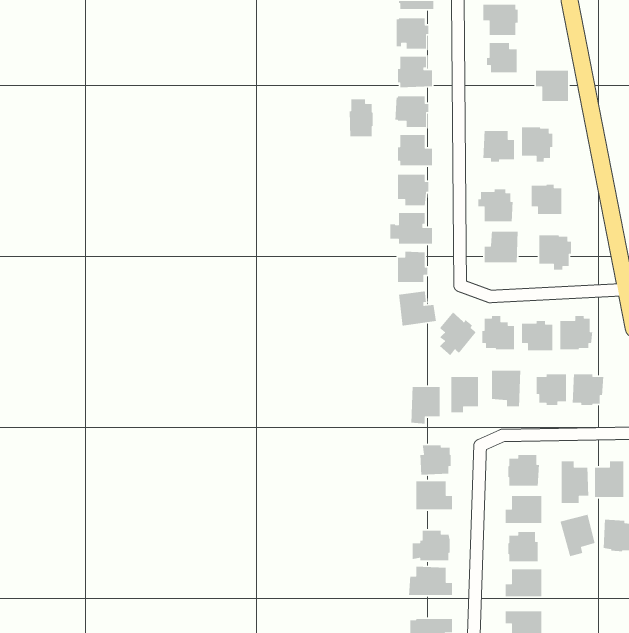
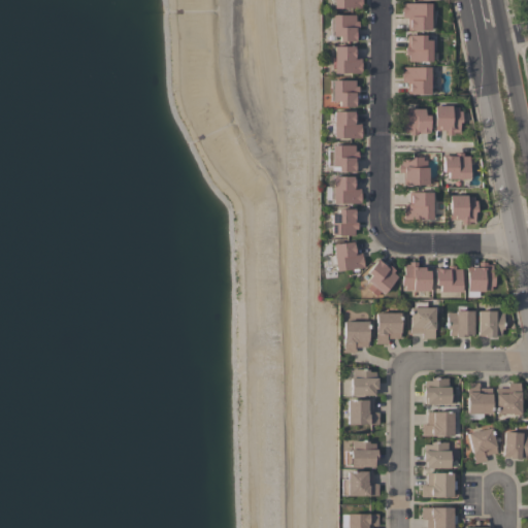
building: [535,70,569,102] -> [405,68,433,95]
building: [349,99,373,137] -> none

